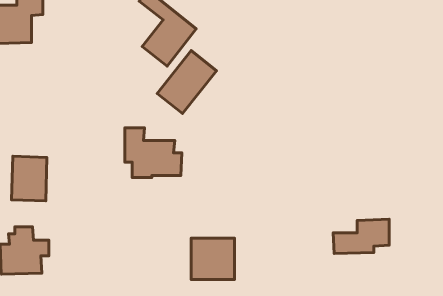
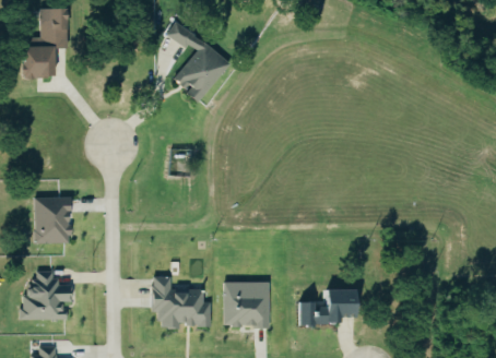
building: [157,51,217,114] -> none
building: [125,128,182,178] -> [152,276,212,329]
building: [333,219,389,253] -> [297,289,356,325]

